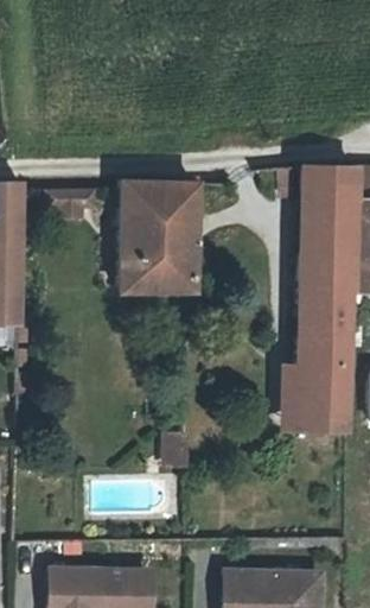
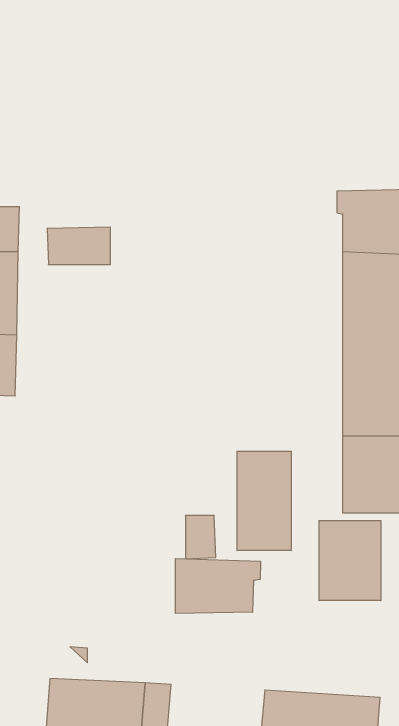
building: [117,172,191,283] -> none
building: none -> [237,451,291,551]
building: none -> [319,521,381,601]
building: none -> [175,559,261,613]

